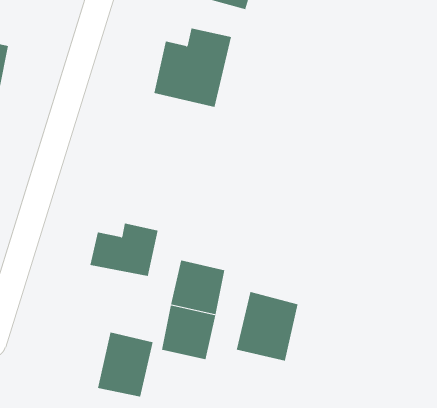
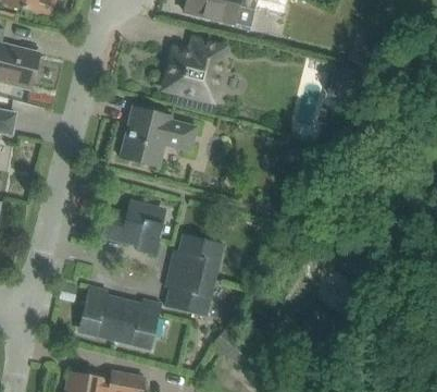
building: none -> [120,107,197,168]
building: [236,291,298,361] -> none
building: none -> [77,287,124,343]

